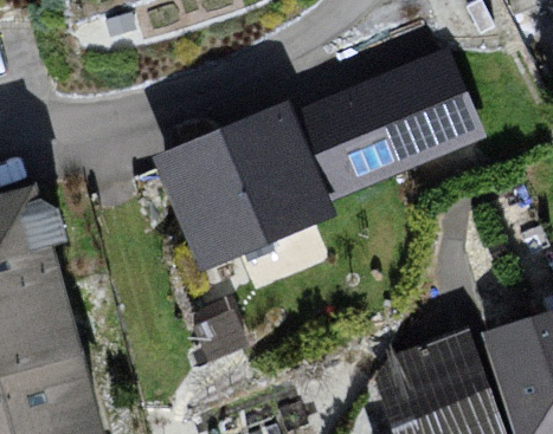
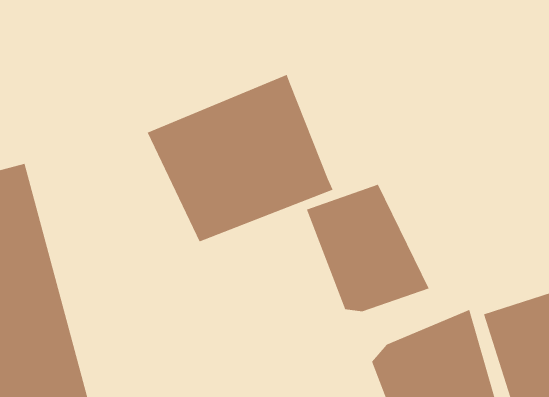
building: [296,50,486,202] -> none
building: none -> [306,184,429,312]

